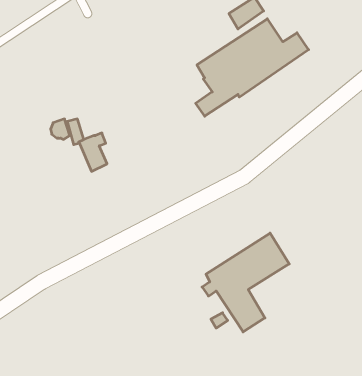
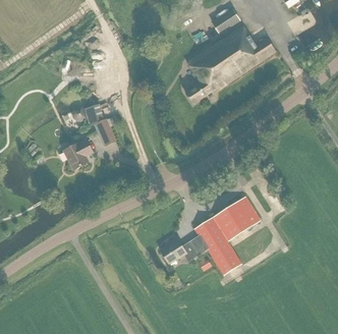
building: none -> [64,141,93,170]
building: none -> [160,238,199,265]

